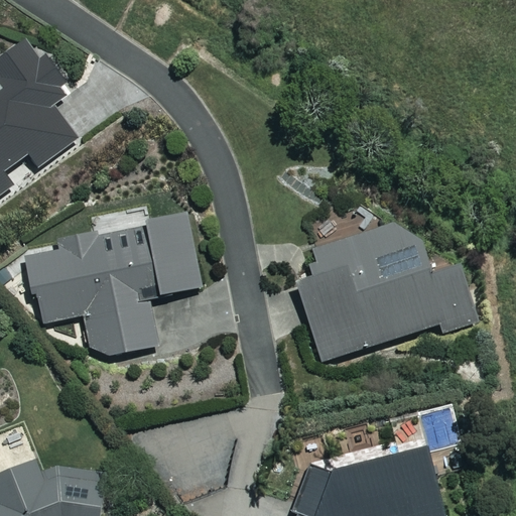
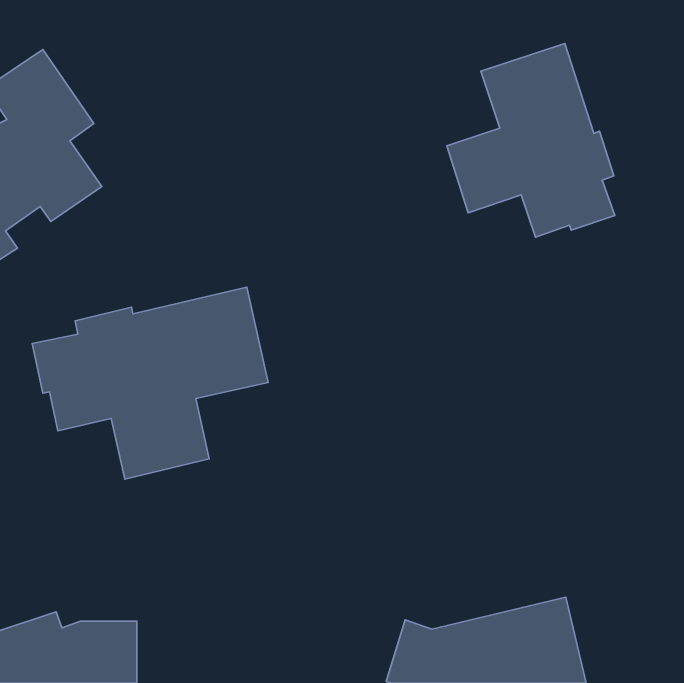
building: none -> [447,43,615,237]
building: [296,218,476,362] -> none

